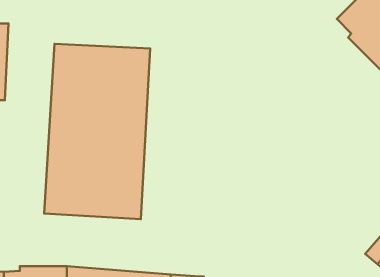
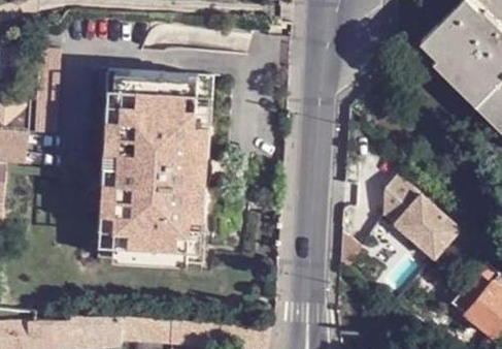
building: none -> [381,175,457,258]

